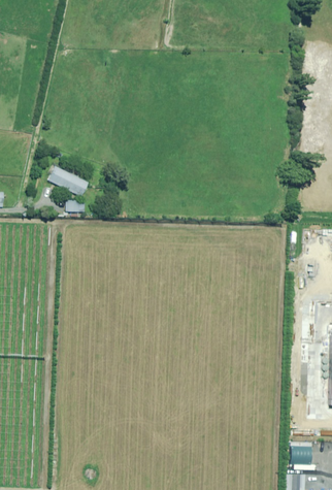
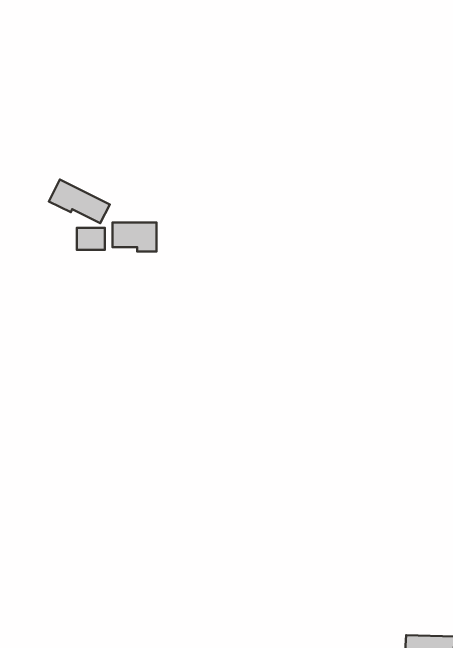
building: none -> [112,222,156,251]

